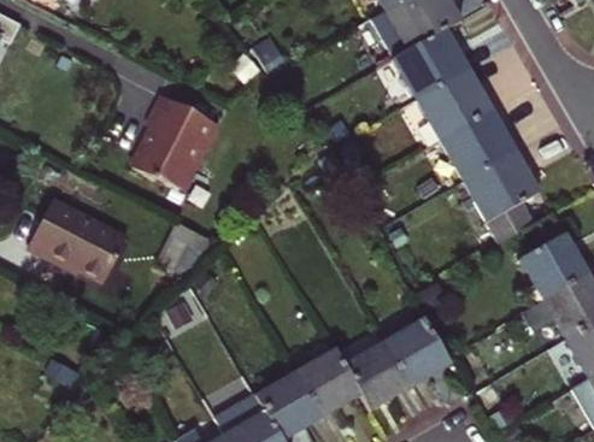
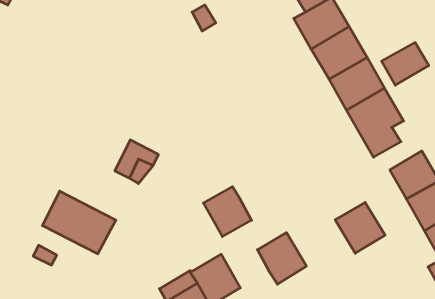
building: none -> [382,43,429,85]
building: [134,95,218,187] -> none
building: [30,199,128,282] -> [42,191,116,254]
building: [383,318,449,385] -> [335,202,385,253]
building: [296,348,360,414] -> [203,187,252,237]

